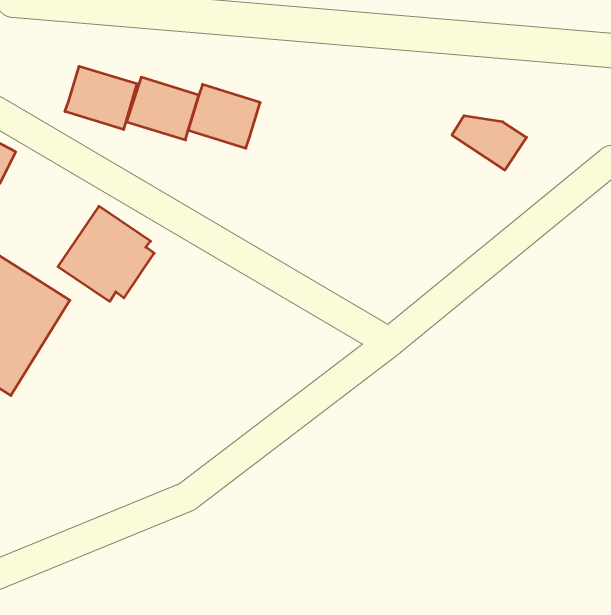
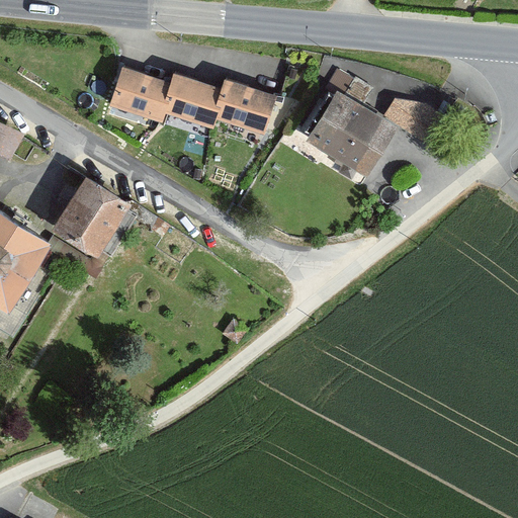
building: [65,66,137,130] -> none
building: none -> [303,70,392,174]
building: none -> [209,78,271,132]

